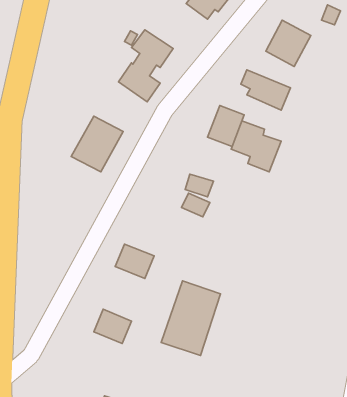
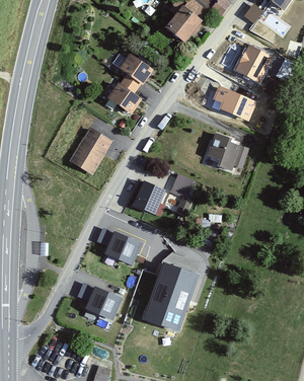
building: [208,105,244,146] -> none
building: none -> [133,181,163,214]

